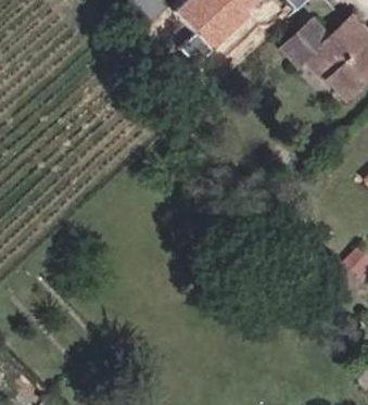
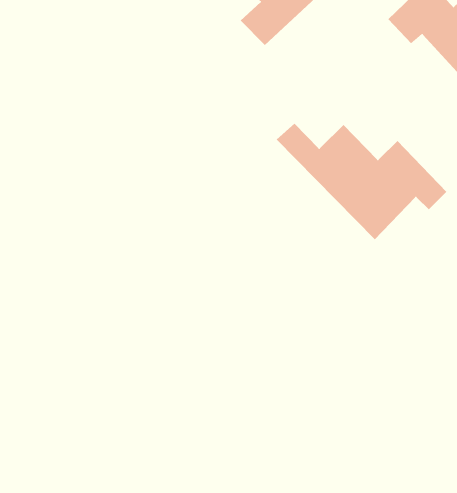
building: none -> [276,123,447,240]

